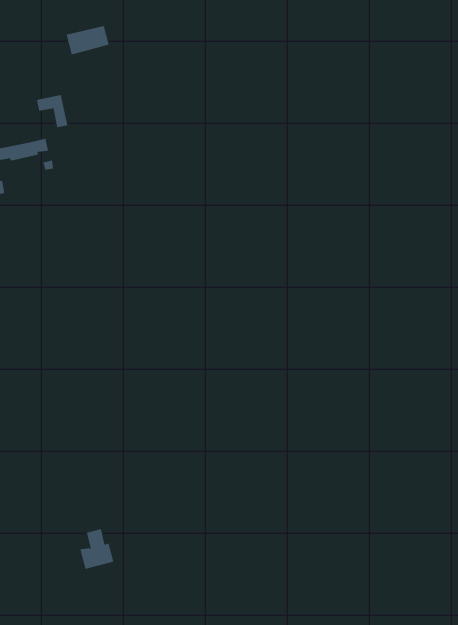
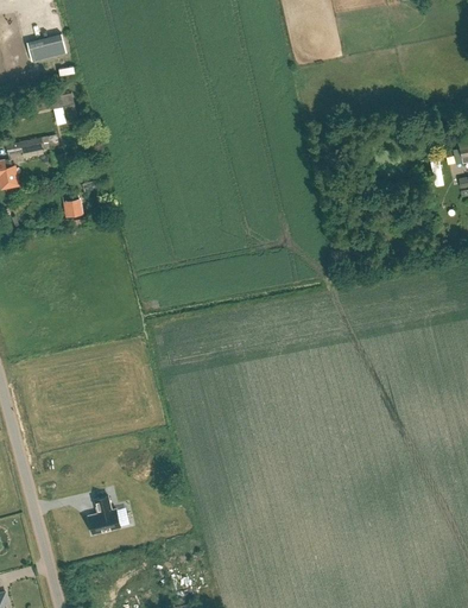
building: [66,26,110,55] -> [25,33,65,61]

